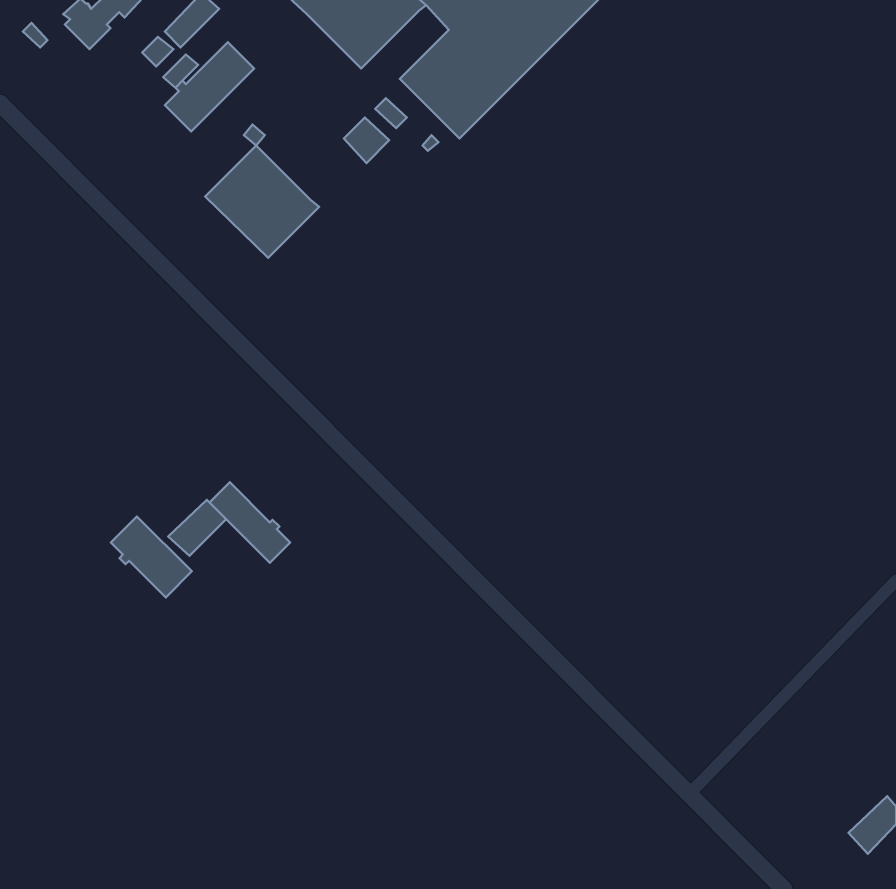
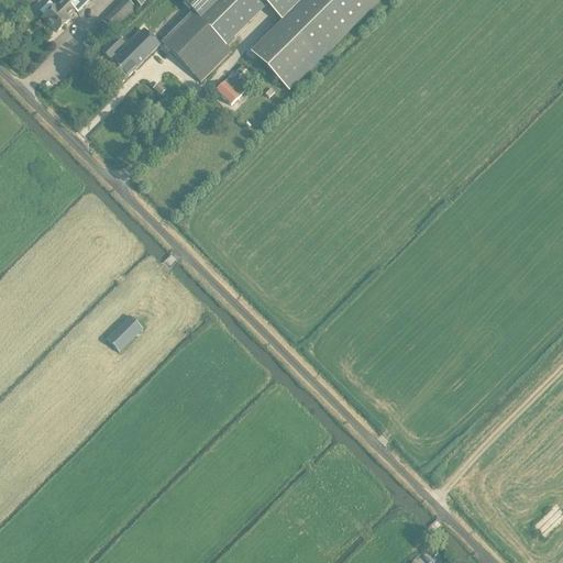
building: [205,146,319,258] -> [161,9,232,79]
building: [210,482,290,563] -> none
building: [111,516,192,597] -> none

